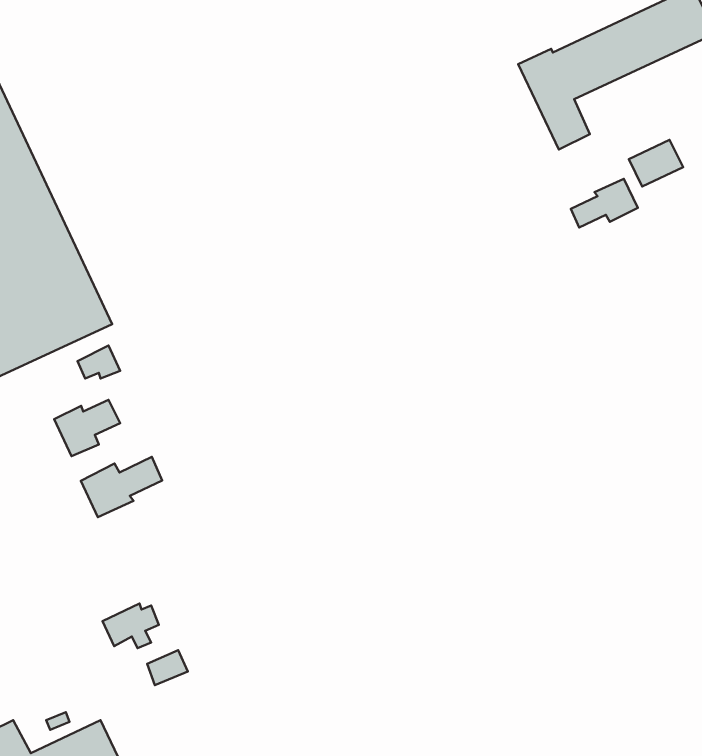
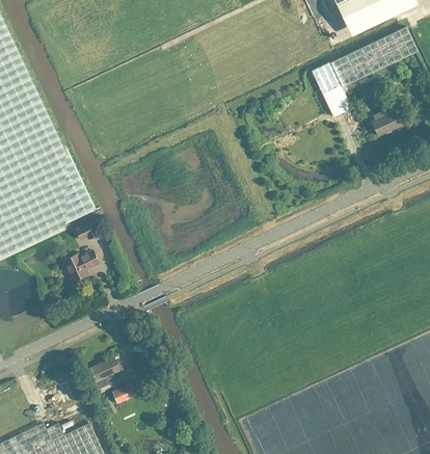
building: [571,179,638,228] -> none
building: [81,457,162,517] -> none

